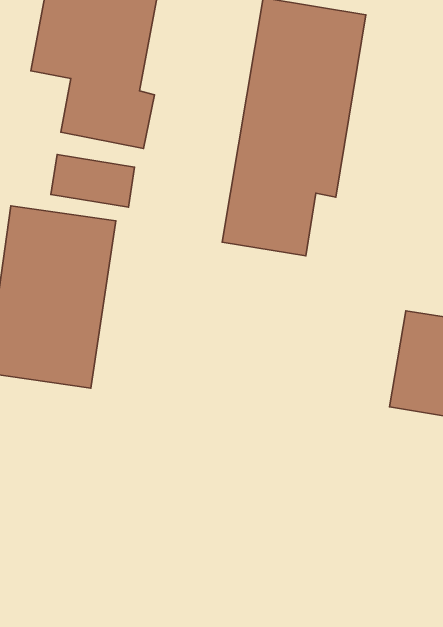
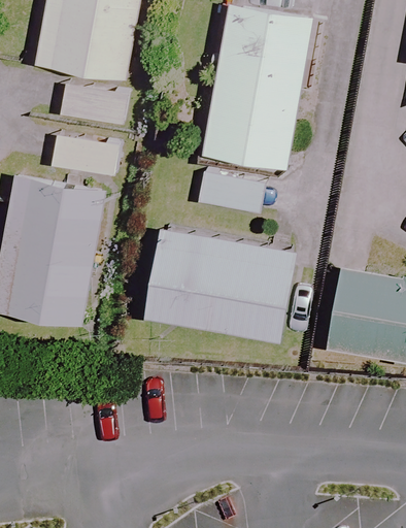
building: none -> [145,227,295,341]

